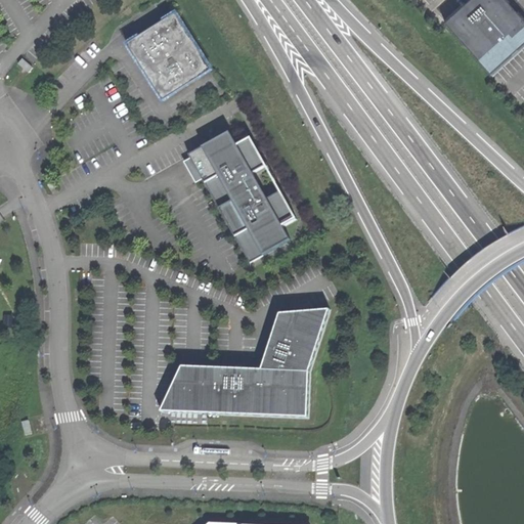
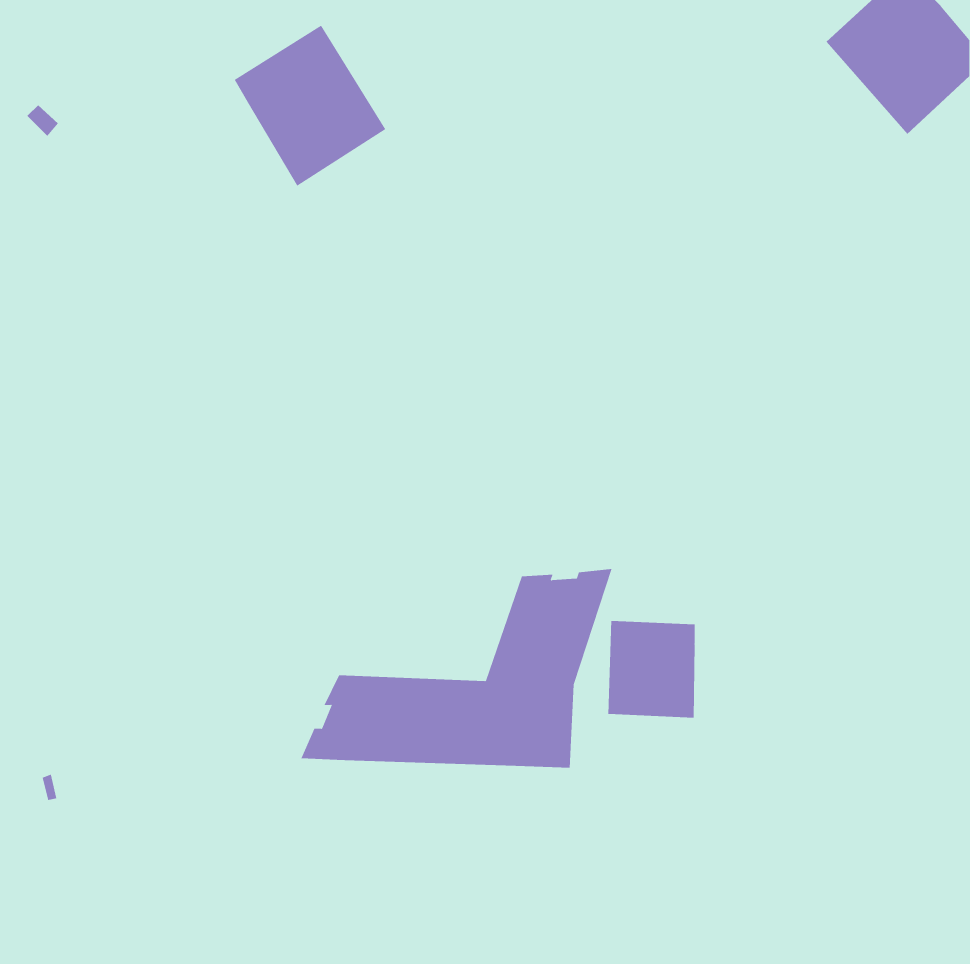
building: [185,130,294,262] -> none
building: none -> [608,620,695,719]

